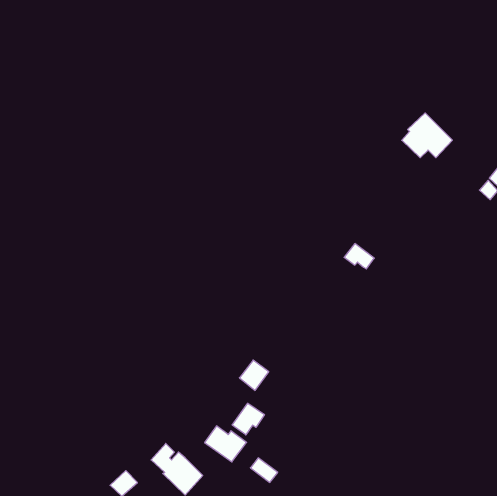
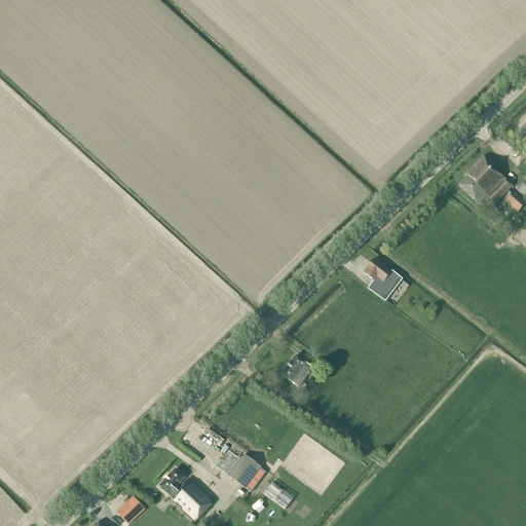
building: [402,113,452,158] -> [459,155,513,202]
building: [239,360,269,390] -> [283,354,313,386]
building: [232,403,264,435] -> none

